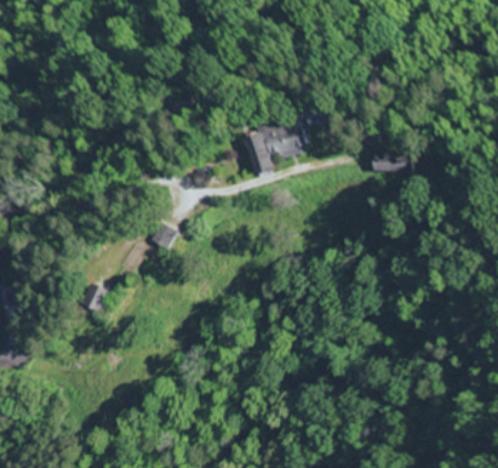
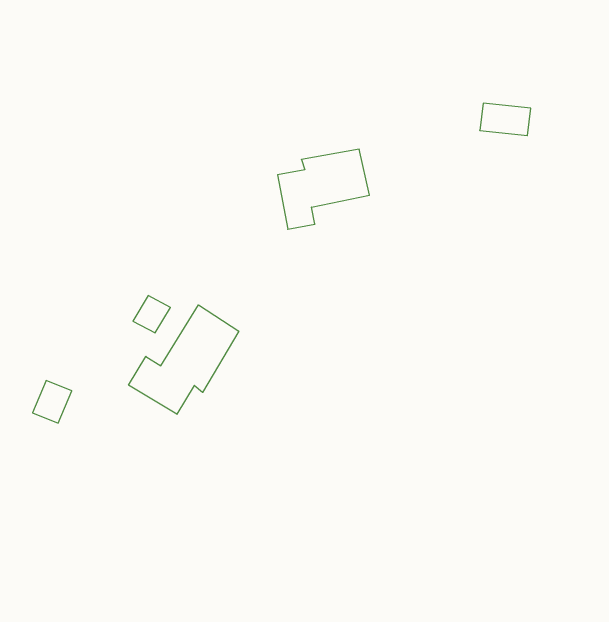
building: [372,150,408,173] -> [480,103,531,136]
building: none -> [129,305,239,414]

